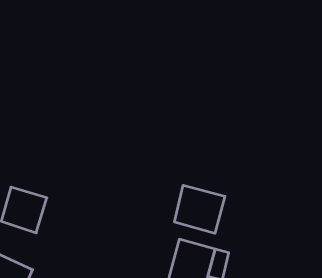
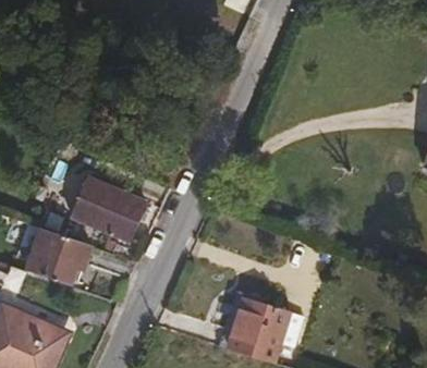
building: none -> [68,173,138,236]
building: [175,185,225,233] -> none

